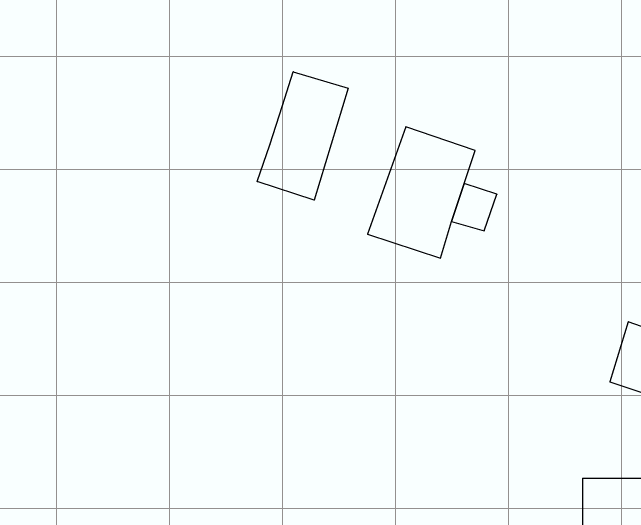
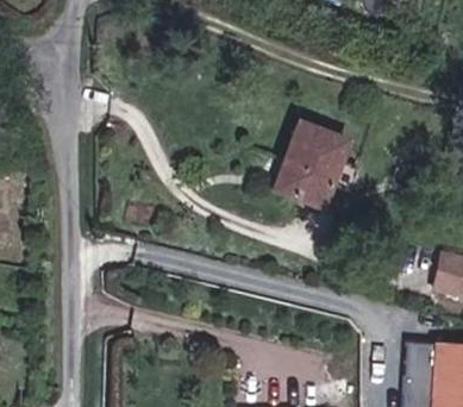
building: [257,72,348,200] -> none

